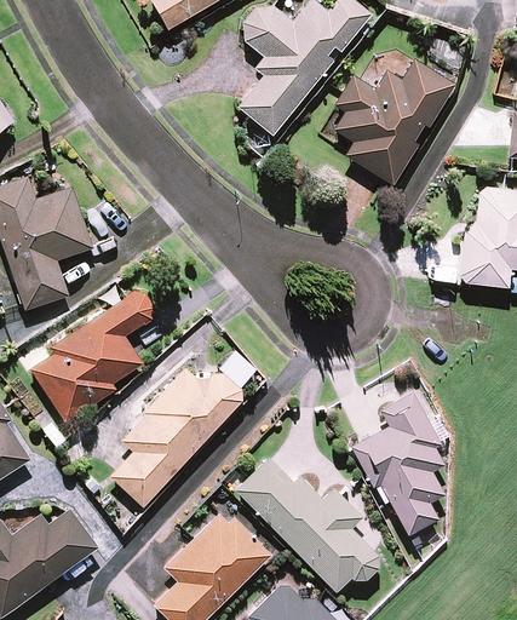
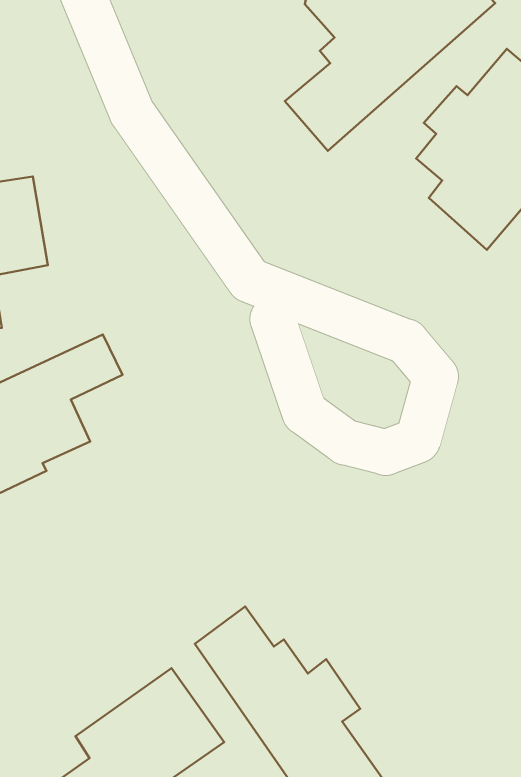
building: [113,367,247,507] -> none
building: [354,390,443,534] -> none

